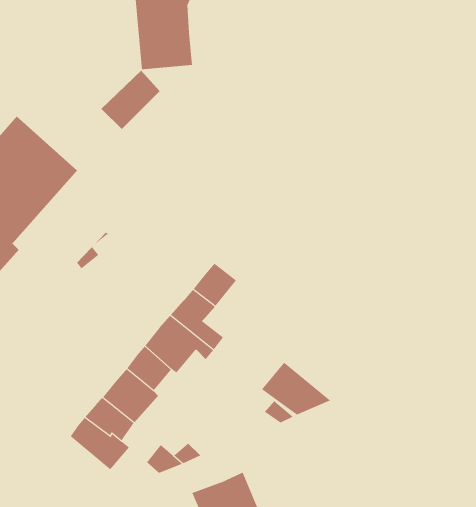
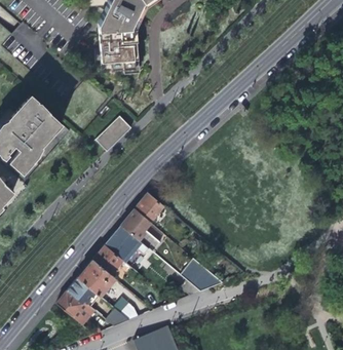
building: [101,70,161,130] -> [90,111,128,149]

